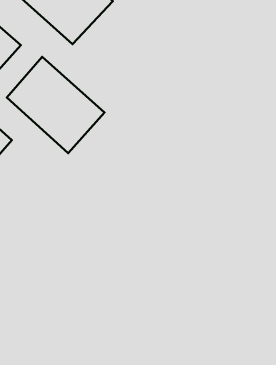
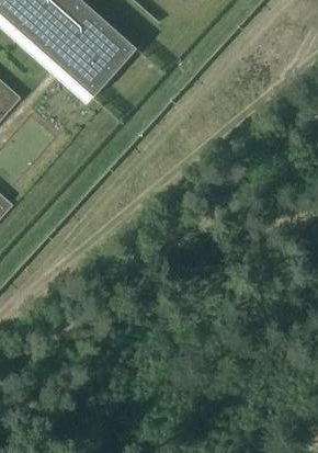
building: [7,57,104,153] -> none

